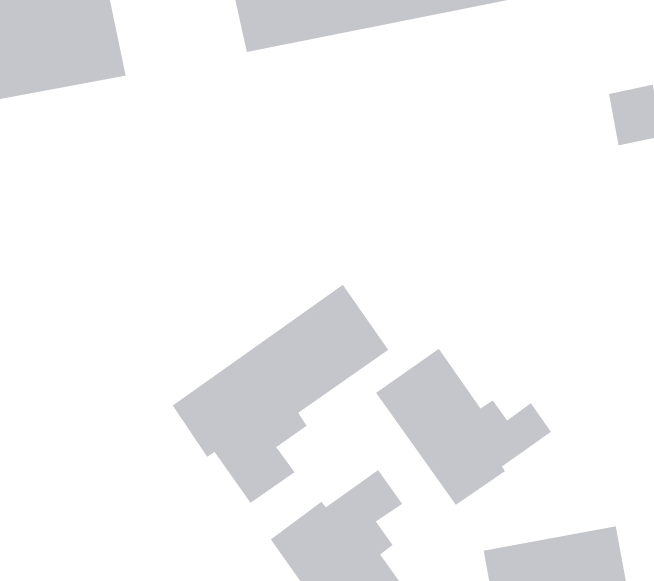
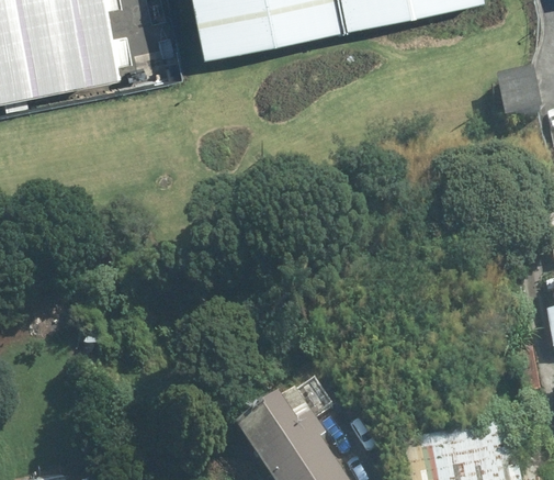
building: [172,284,389,504] -> none
building: [375,348,552,506] -> none

